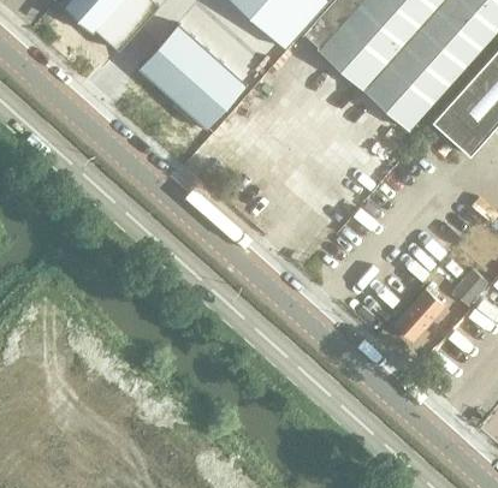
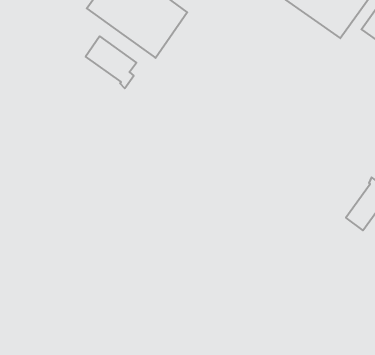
building: none -> [86,36,136,88]

